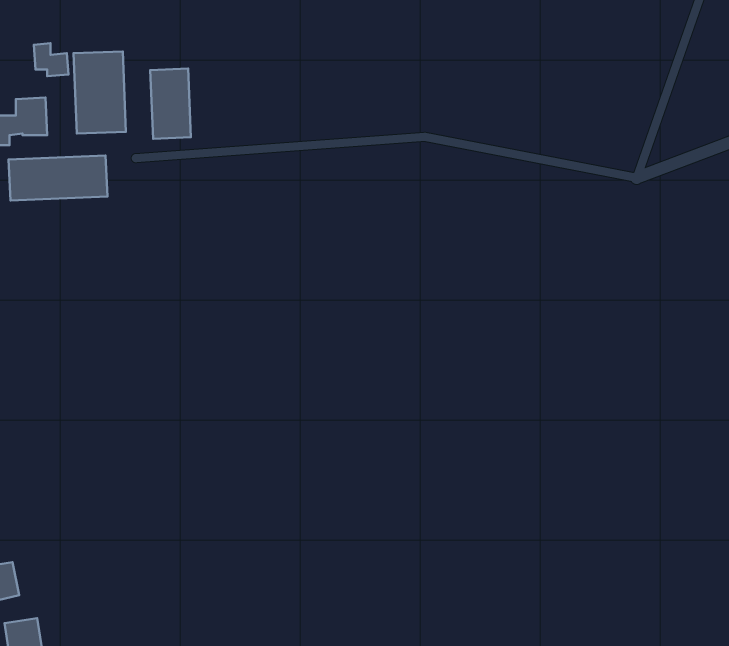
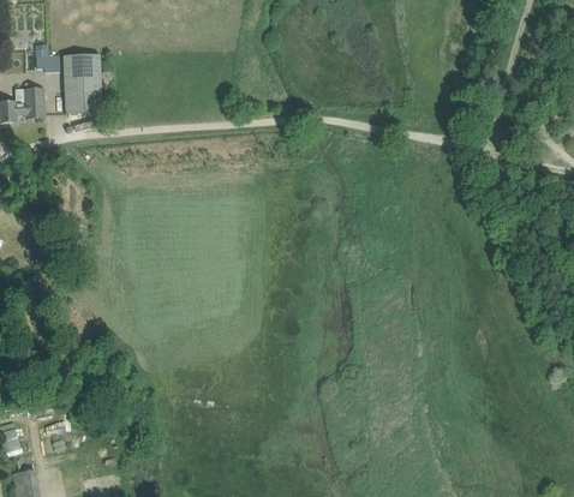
building: [150,68,191,139] -> none
building: [9,156,108,200] -> none

